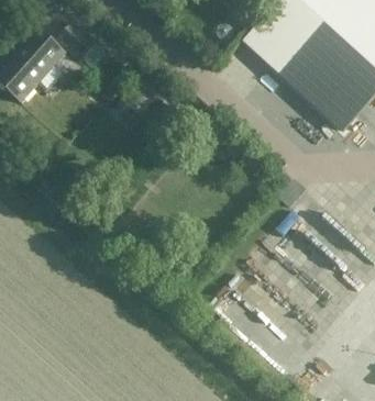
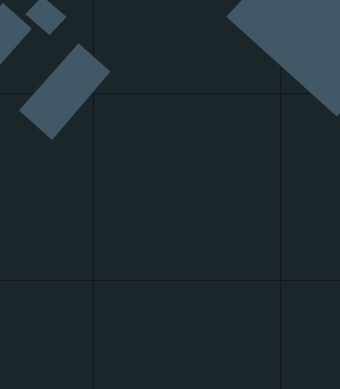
building: none -> [18,42,111,141]

